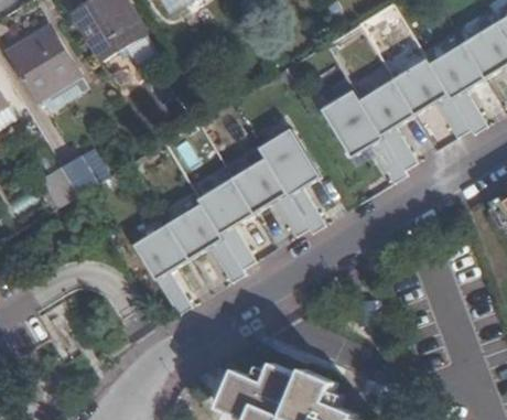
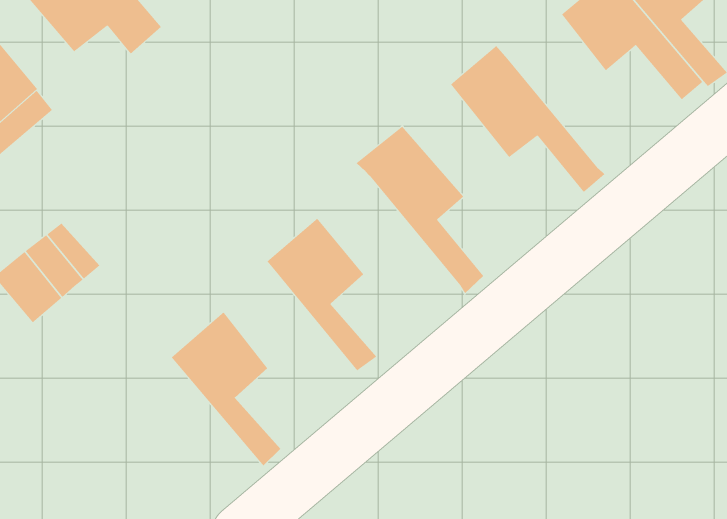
building: [356,75,413,169] -> none
building: [229,152,306,234] -> none
building: [165,198,241,280] -> none

